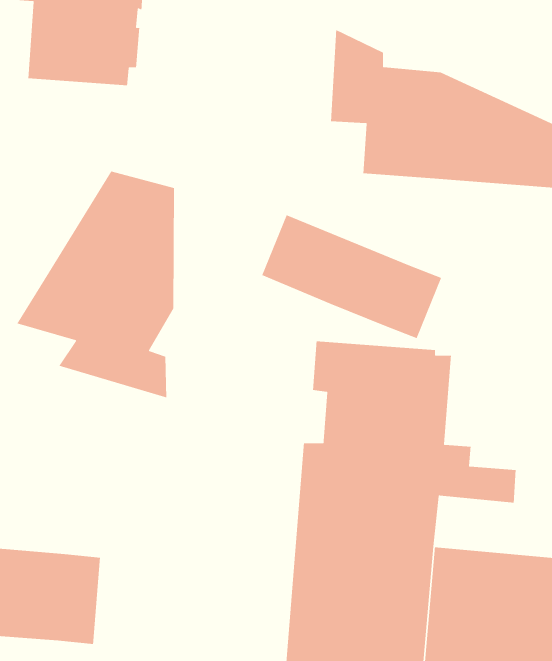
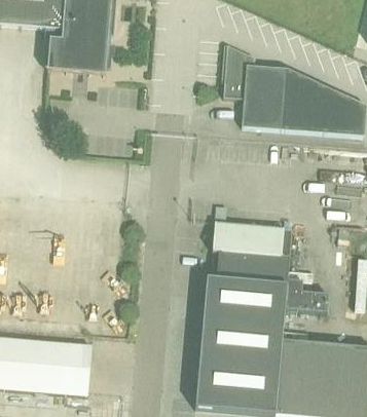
building: [16,170,175,399] -> none
building: [261,214,442,339] -> none

